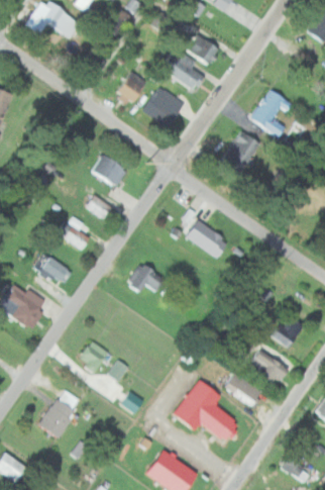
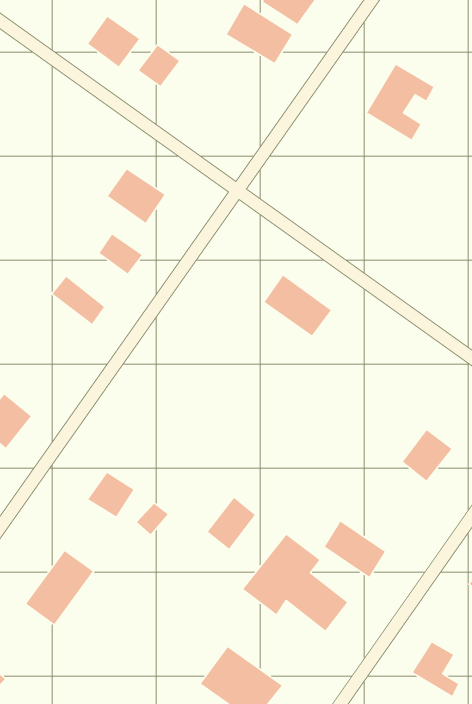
building: none -> [87,16,140,68]
building: [142,87,185,128] -> none
building: [219,131,261,176] -> none
building: [40,256,72,284] -> none
building: [126,263,164,295] -> none
building: [249,349,288,385] -> none
building: none -> [207,497,256,550]

